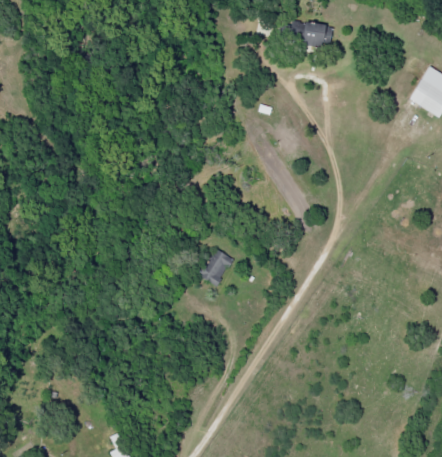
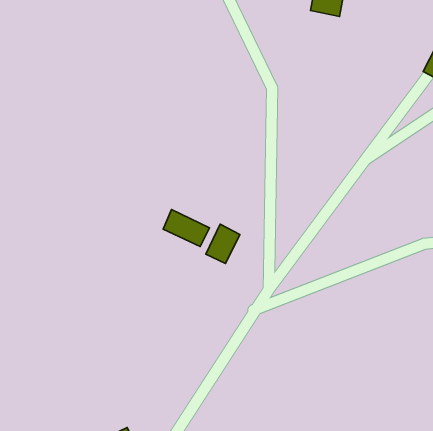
building: none -> [163,209,209,247]

